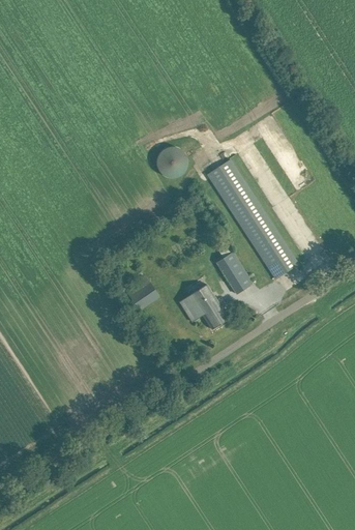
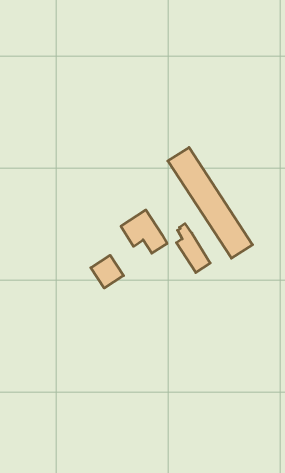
building: [155,147,186,178] -> none
building: [178,283,228,329] -> [121,210,167,253]

